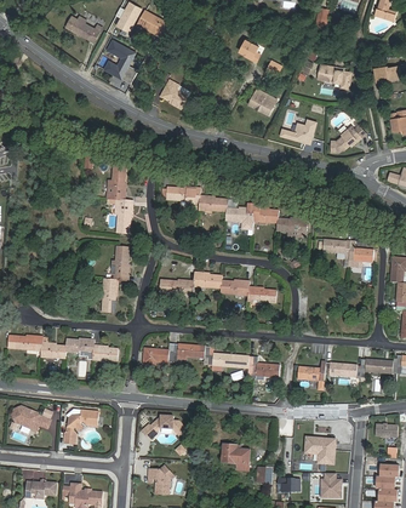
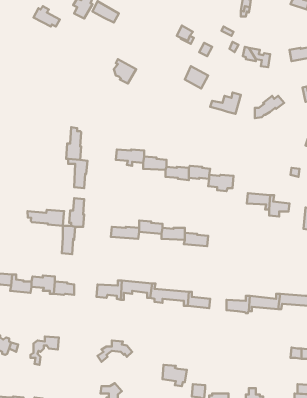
building: [103,40,136,84] -> none
building: none -> [28,210,64,226]
building: [304,436,334,463] -> none

